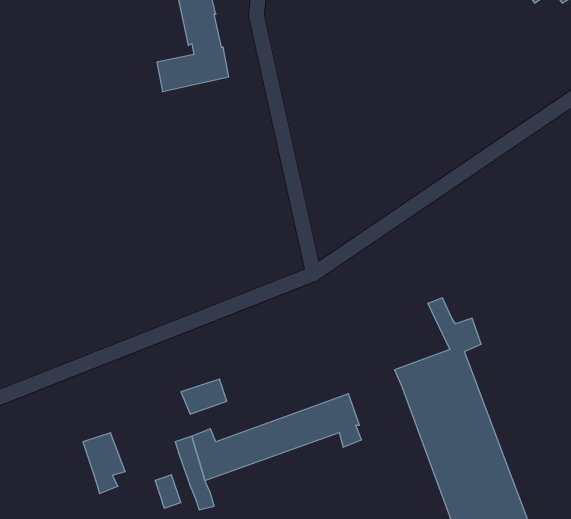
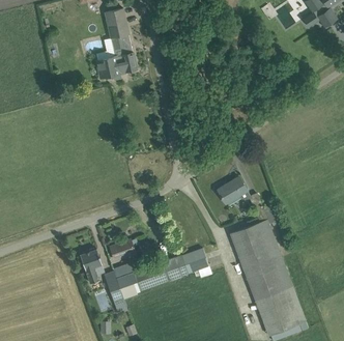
building: none -> [217,177,247,204]
building: [83,433,125,494] -> [80,250,104,284]

